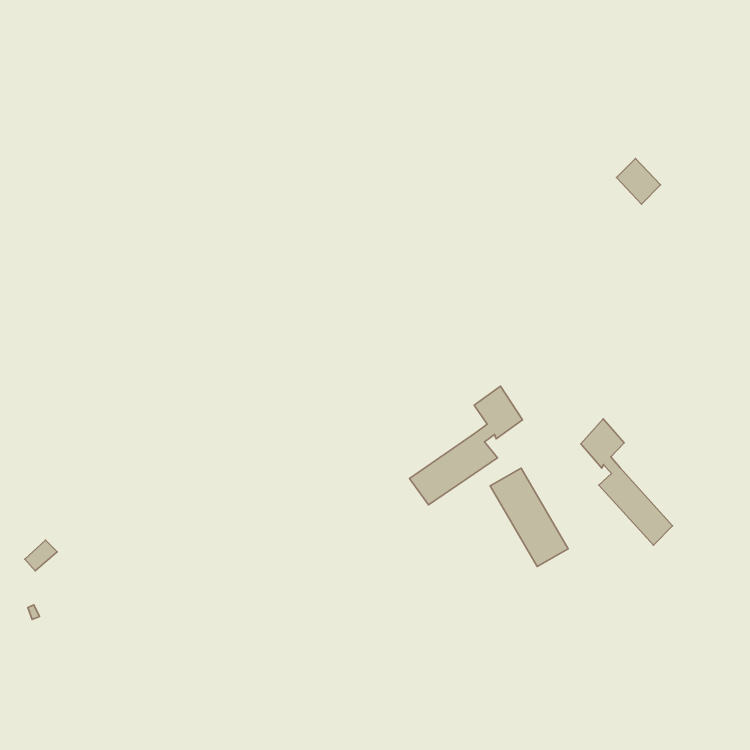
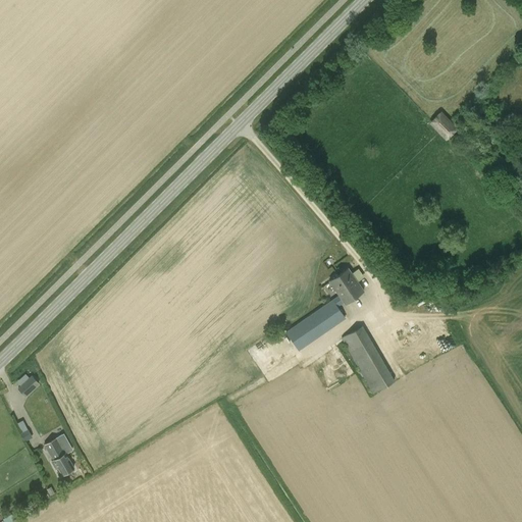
building: [581,419,673,545] -> none
building: none -> [45,434,74,475]

